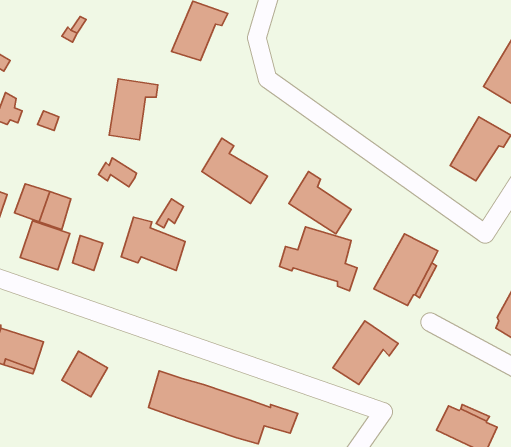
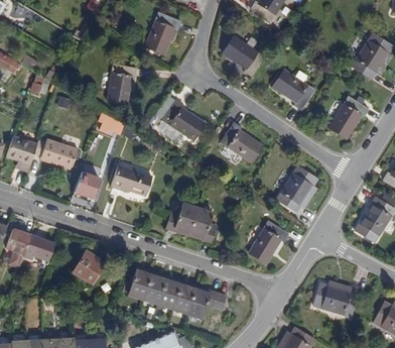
building: none -> [219,31,264,73]
building: none -> [267,65,313,107]
building: [20,221,70,270] -> none
building: [280,227,357,291] -> [160,208,212,250]

